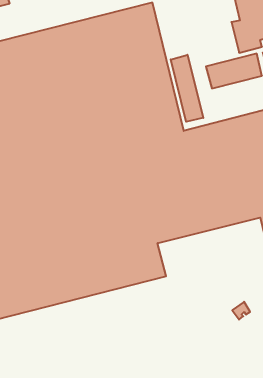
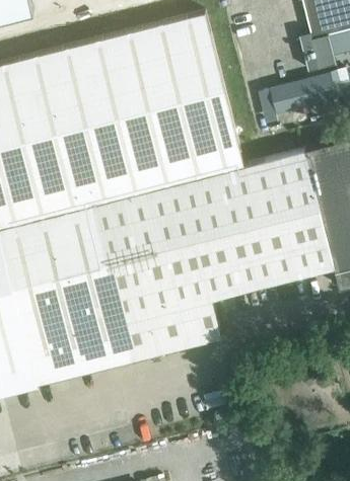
building: [171,55,203,122] -> none

